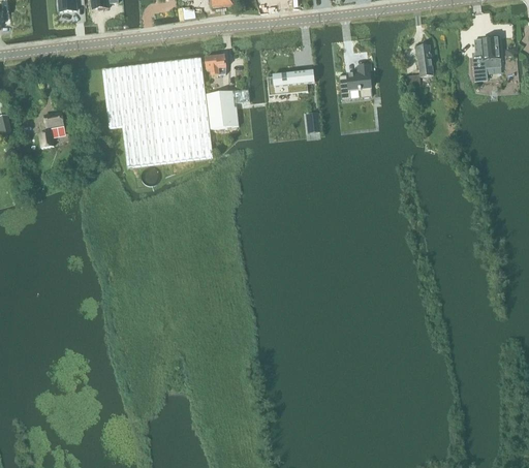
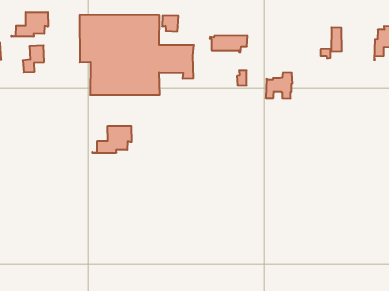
building: [338,64,371,99] -> [266,73,292,98]
building: none -> [11,12,48,37]
building: none -> [92,126,132,153]

